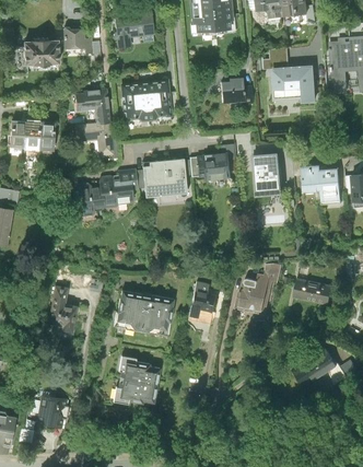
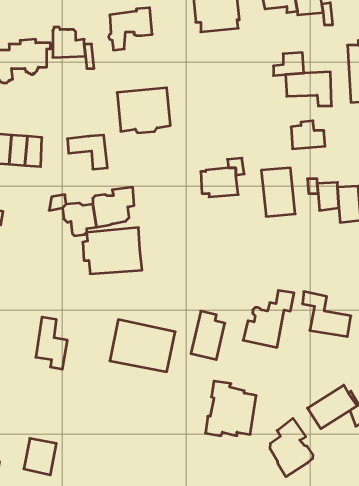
building: [222,79,253,104] -> [291,121,325,149]
building: [74,90,109,125] -> none
building: [136,157,189,199] -> [83,228,142,274]
building: [114,357,160,406] -> [205,381,256,436]
building: none -> [270,418,313,477]

